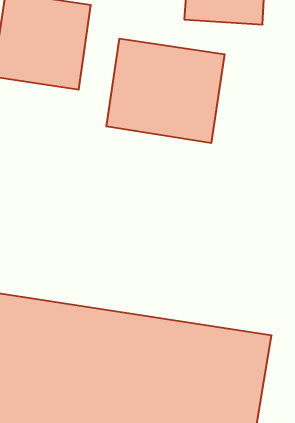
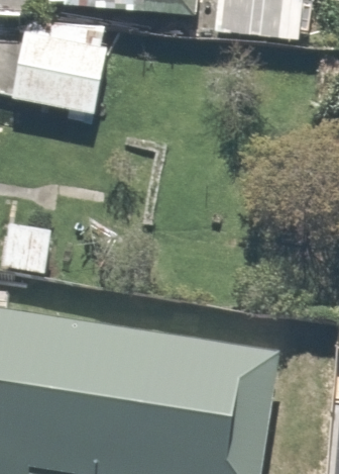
building: [106,39,225,143] -> none

